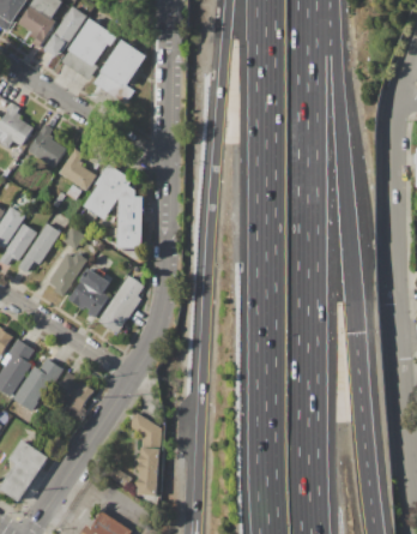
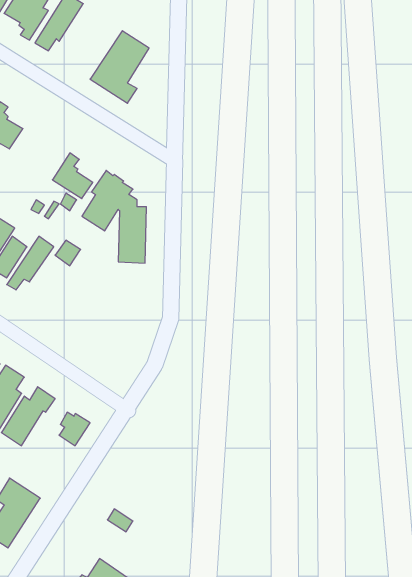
building: [60,18,114,79] -> none
building: [26,125,65,168] -> none
building: [47,252,86,296] -> none
building: [68,269,108,318] -> none
building: [98,276,144,334] -> none
building: [127,414,161,496] -> none

